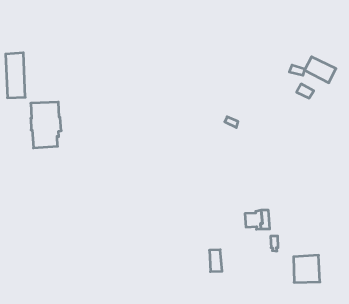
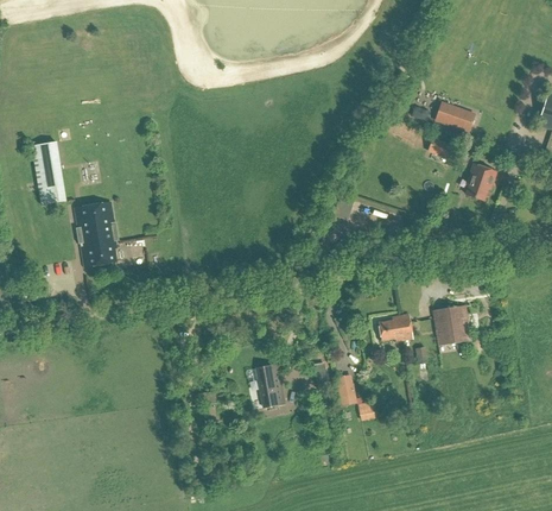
building: none -> [467,164,496,200]
building: none -> [258,365,285,408]
building: [294,255,320,282] -> [433,304,472,345]

